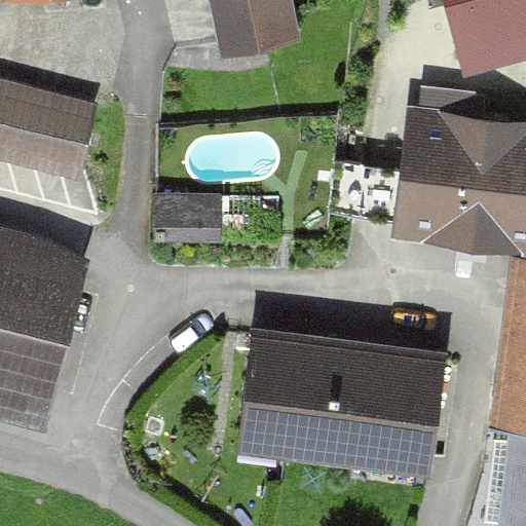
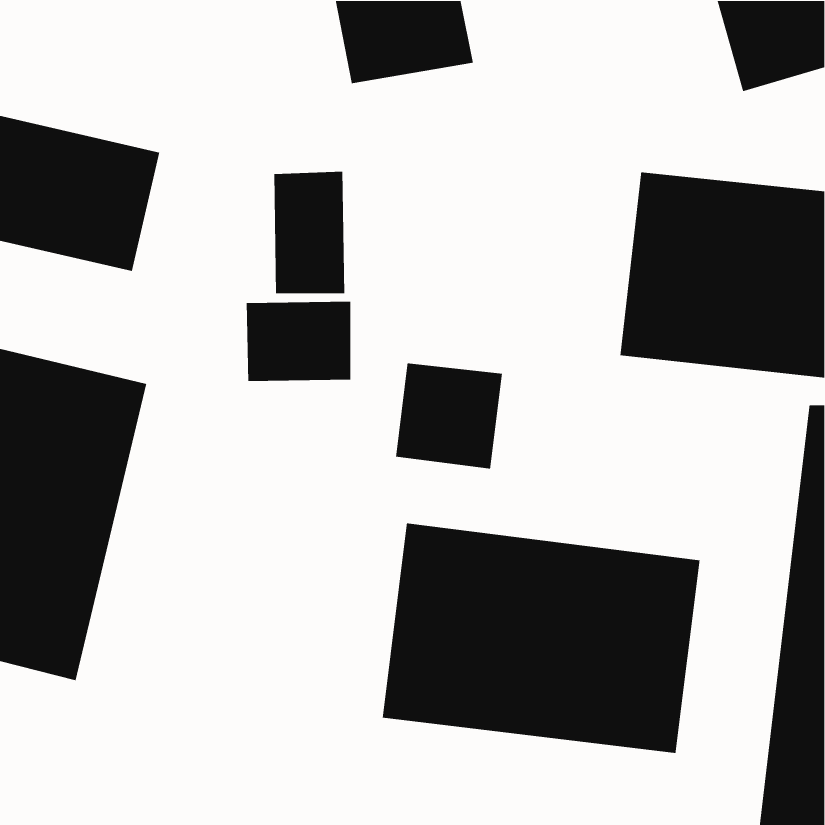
building: none -> [273,171,345,294]
building: none -> [395,362,503,470]

